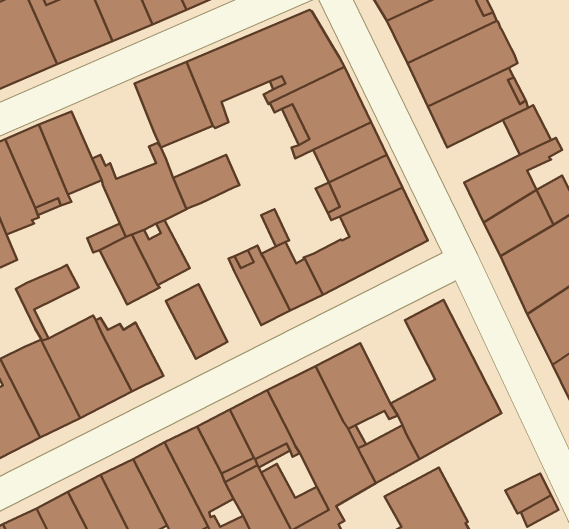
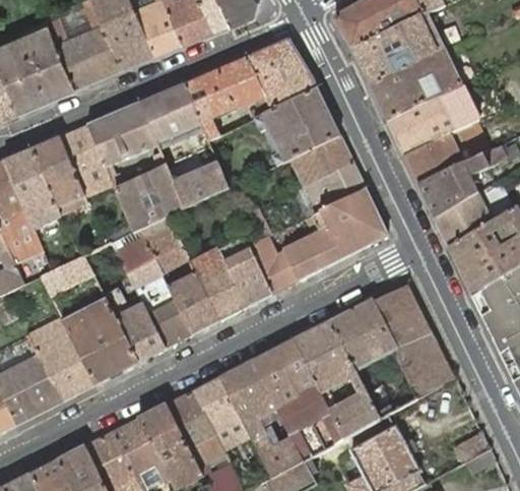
building: none -> [88,102,157,165]
building: none -> [404,132,465,185]
building: none -> [190,248,248,319]
building: none -> [142,289,193,348]
building: none -> [331,301,394,371]

